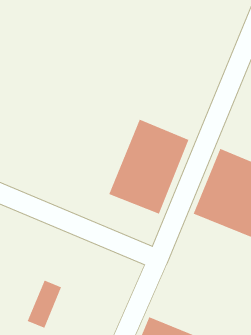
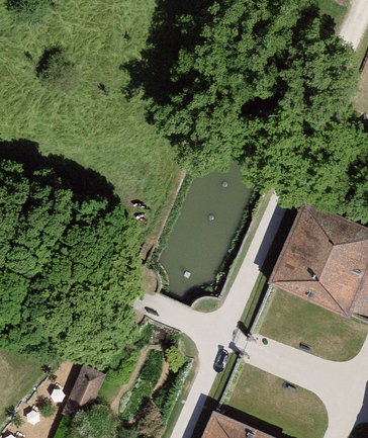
building: [109,119,189,214] -> none

